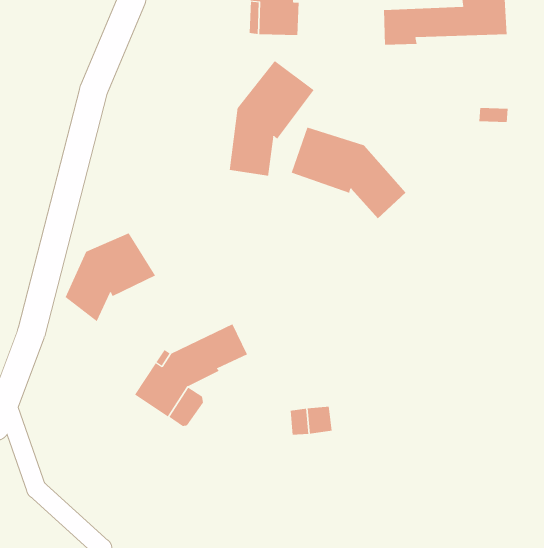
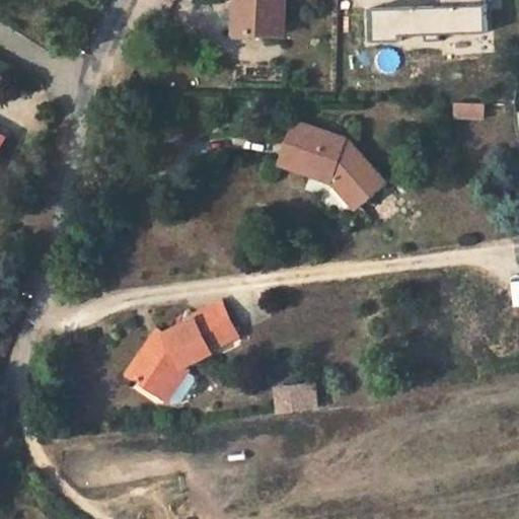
building: [229,60,315,177] -> none
building: [65,232,156,322] -> none

